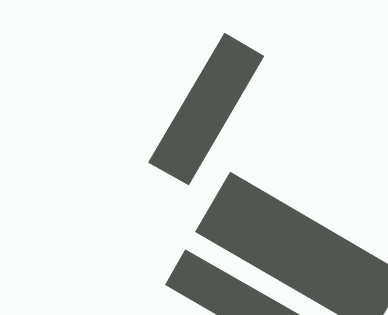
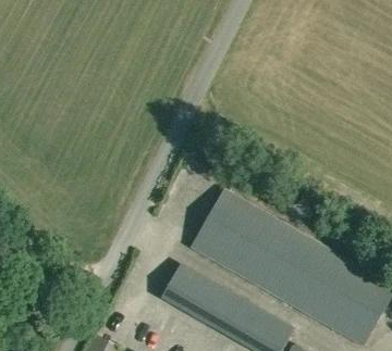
building: [147,32,266,186] -> none

